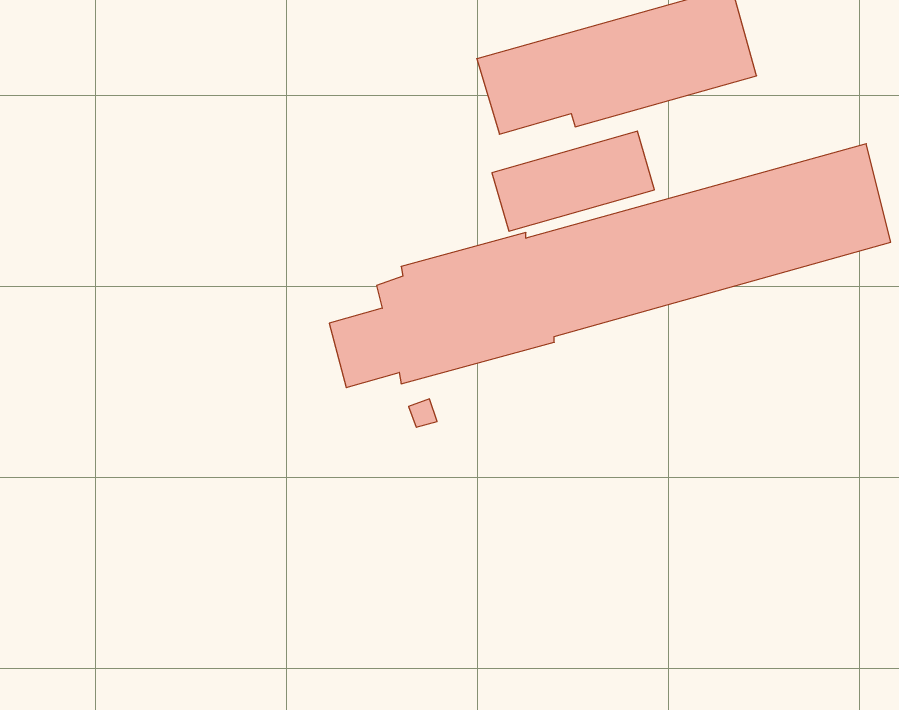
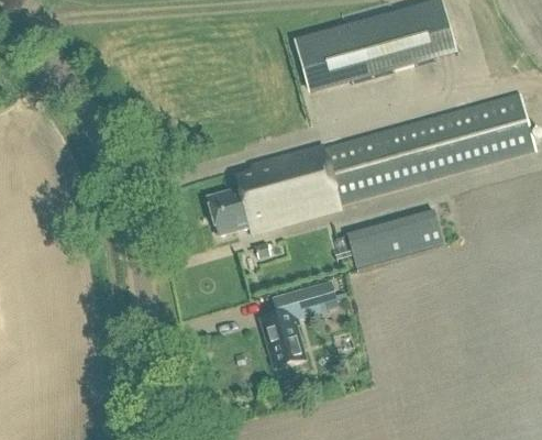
building: [492,131,654,231] -> [347,208,442,266]
building: none -> [261,281,339,369]

